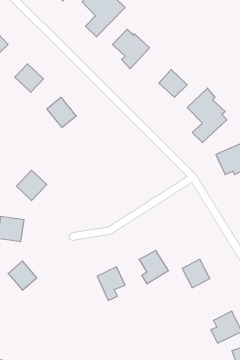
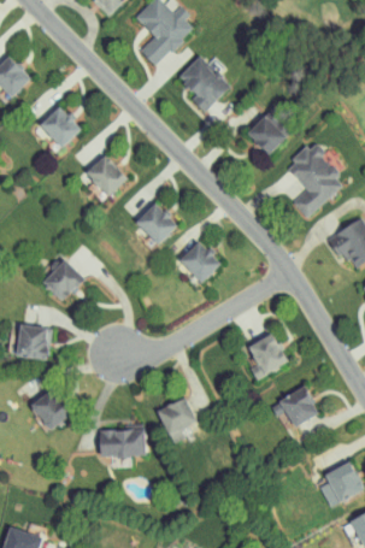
building: none -> [135,202,176,243]
building: none -> [178,241,219,282]
building: [139,250,169,284] -> [246,332,288,381]
building: none -> [98,428,145,456]

